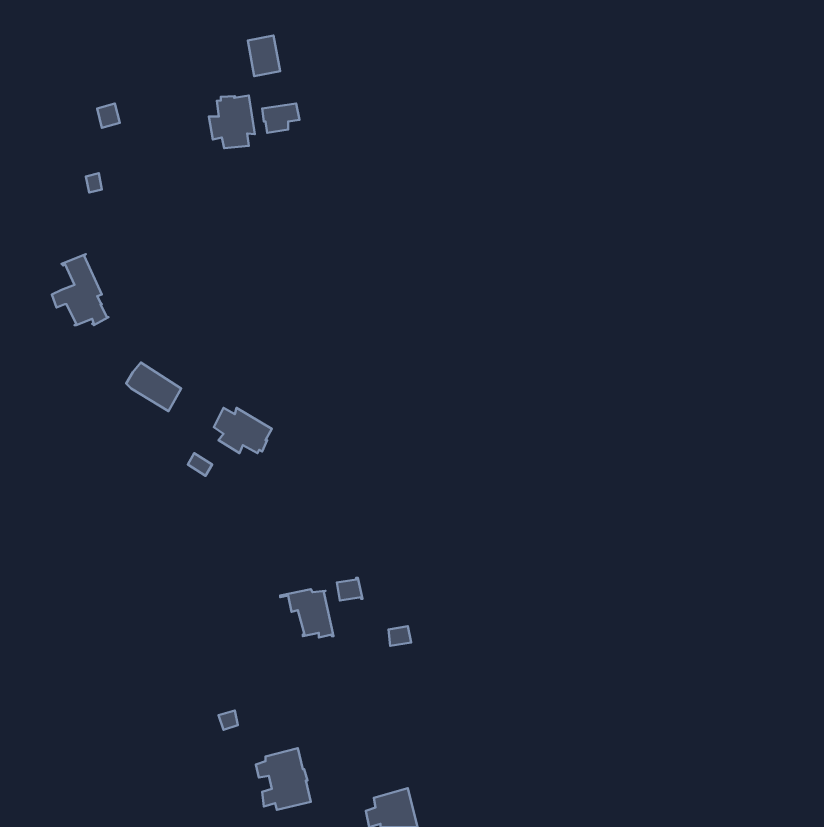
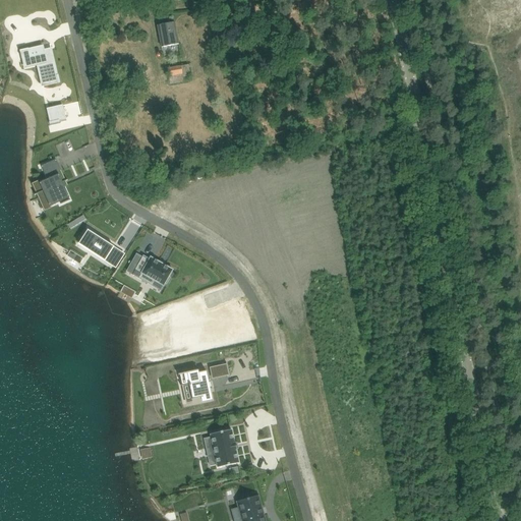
building: none -> [17,47,58,83]
building: [209,96,255,148] -> none
building: [256,748,311,810] -> [202,429,237,468]

